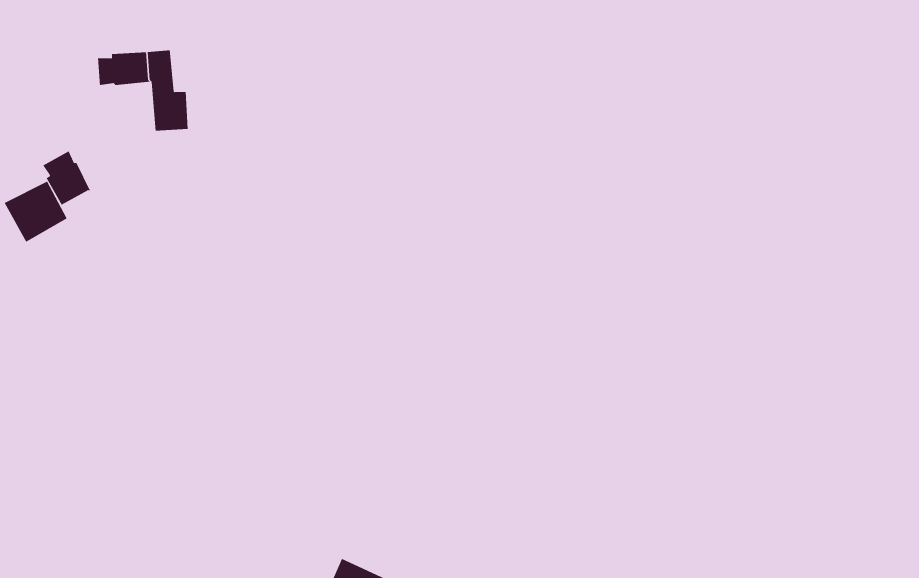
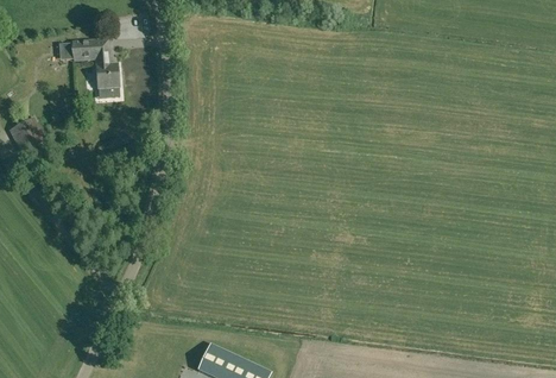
building: [42,151,91,205] -> none

